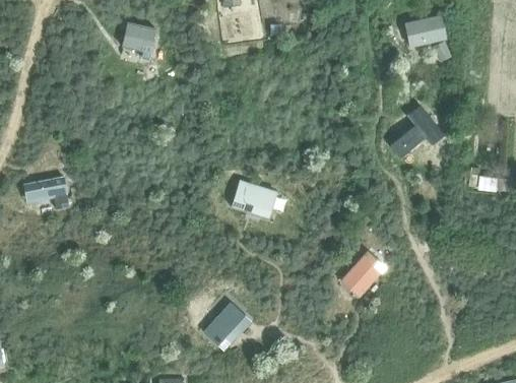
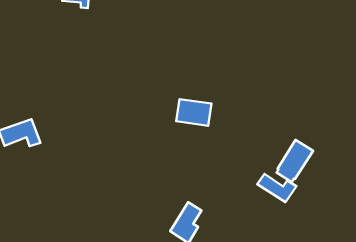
building: [389,104,443,156] -> none
building: none -> [257,174,296,202]

